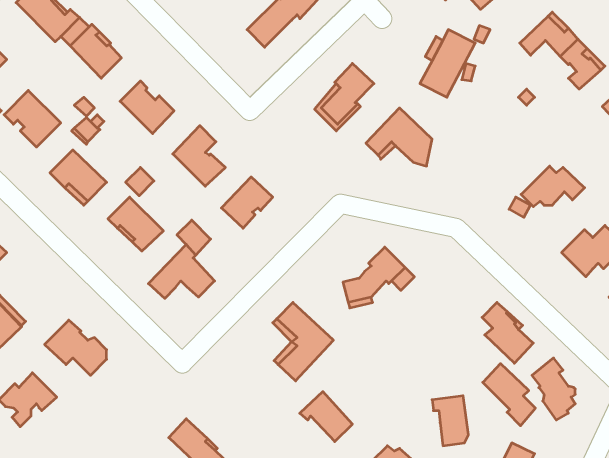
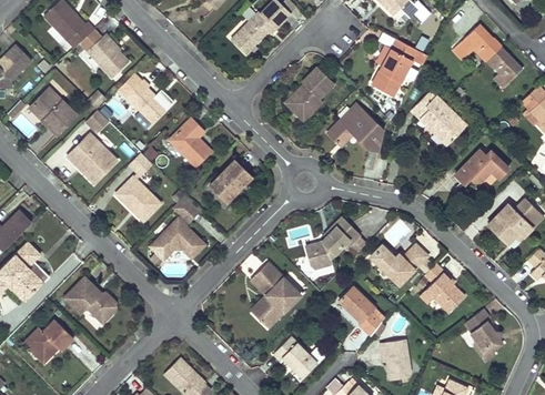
building: none -> [412,91,467,145]
building: none -> [371,244,427,284]
building: [483,364,535,426] -> [339,285,382,336]

